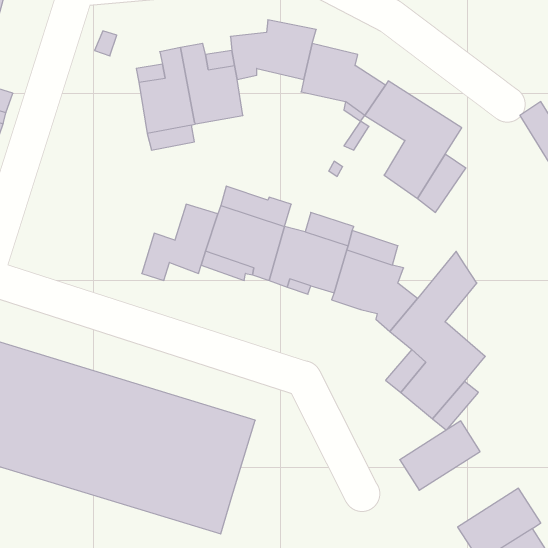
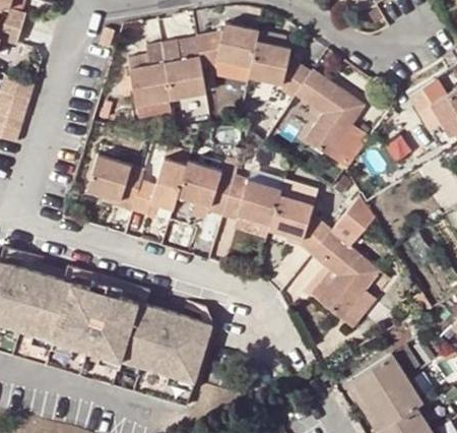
building: none -> [85,158,141,211]
building: [400,421,480,490] -> [346,347,405,397]

